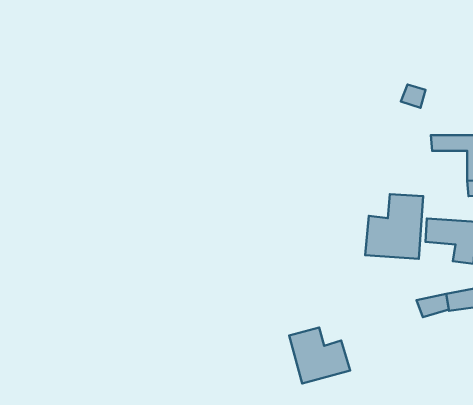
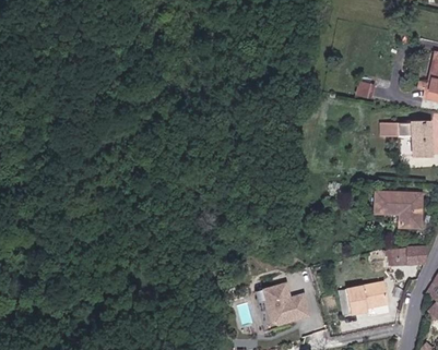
building: [365,194,423,259] -> none
building: none -> [346,280,391,313]

